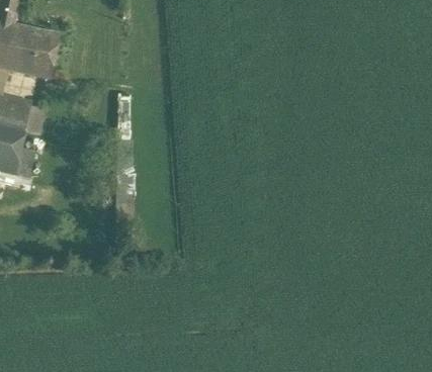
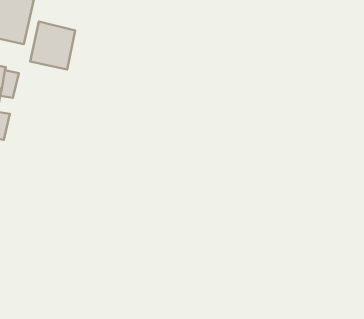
building: none -> [30,22,75,69]

